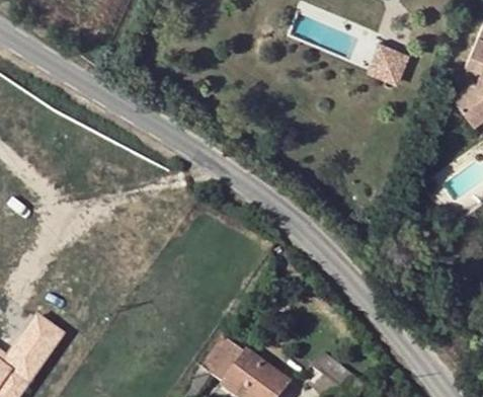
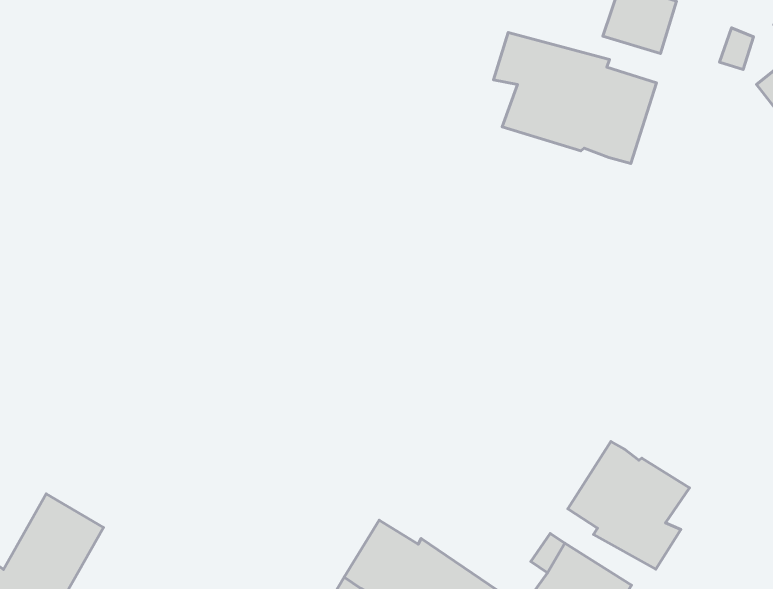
building: none -> [493,32,657,164]
building: none -> [568,441,689,569]

